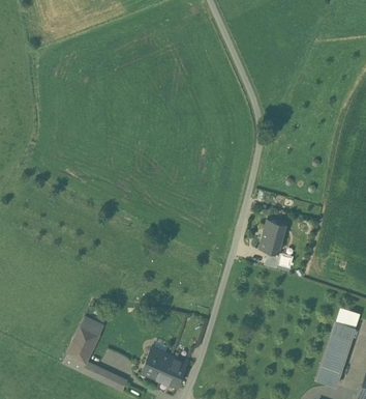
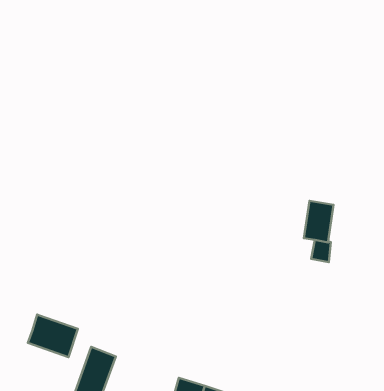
building: none -> [28,314,78,357]

